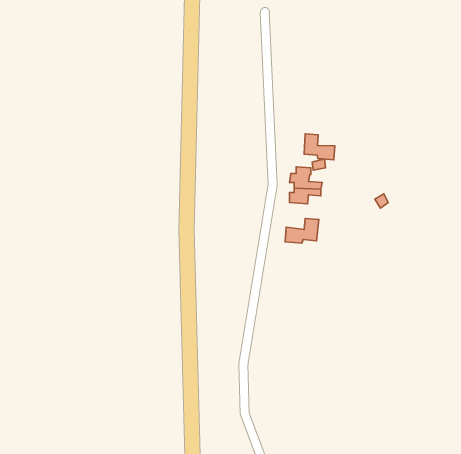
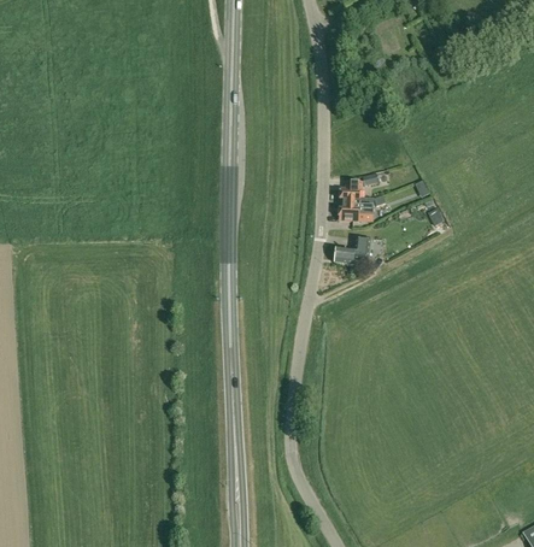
building: [304,134,335,160] -> none

